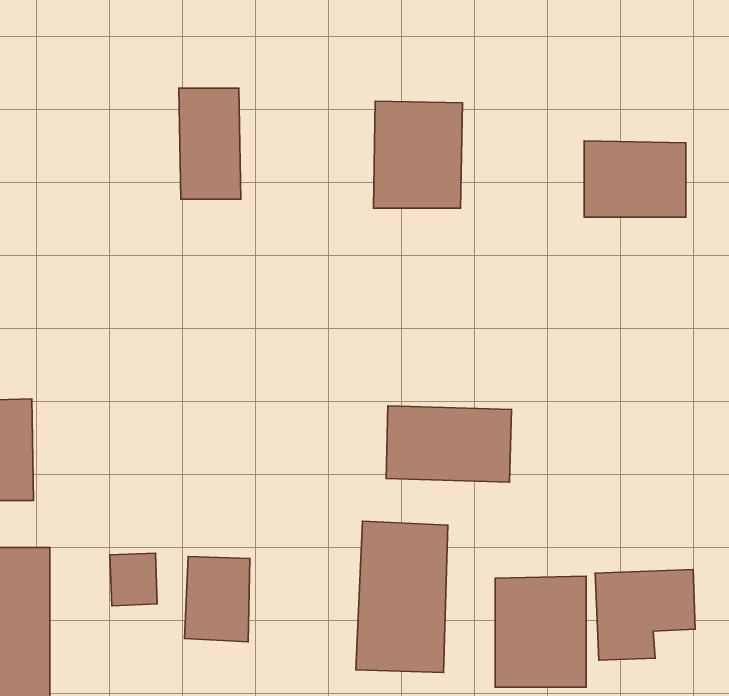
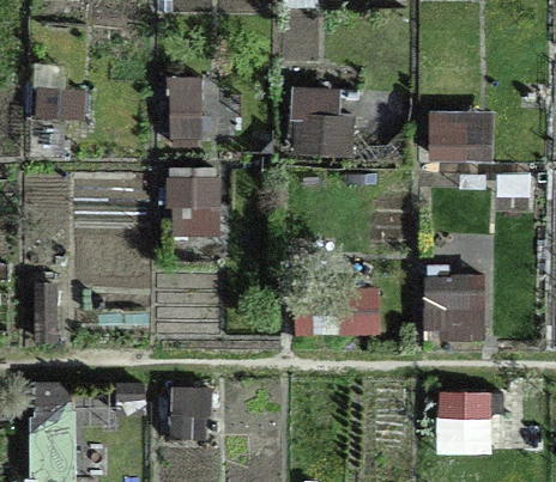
building: none -> [164,166,218,261]
building: [356,521,448,673] -> none
building: [495,576,586,687] -> [425,273,485,346]

